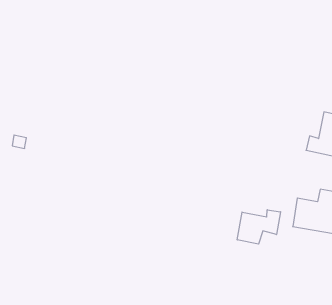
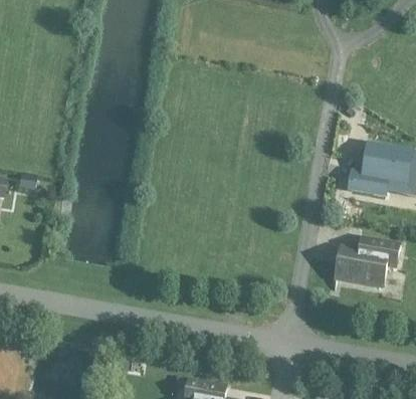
building: [237,210,281,244] -> none

